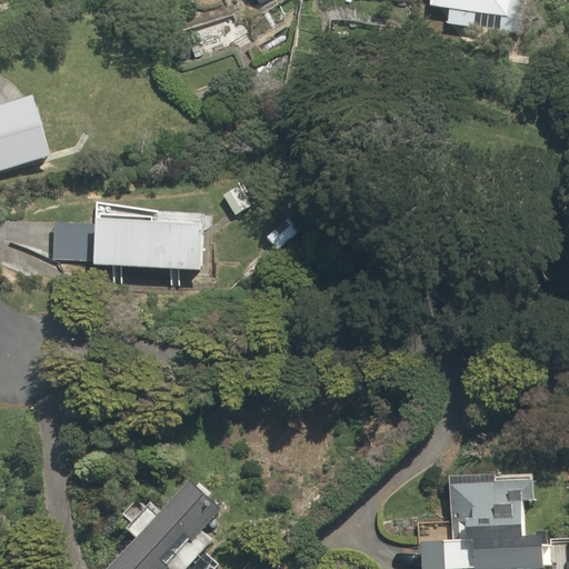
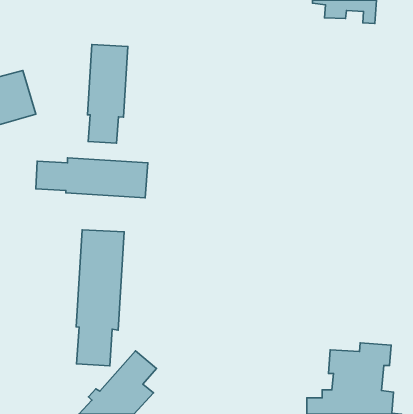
building: none -> [88,44,128,143]
building: none -> [76,230,124,366]

